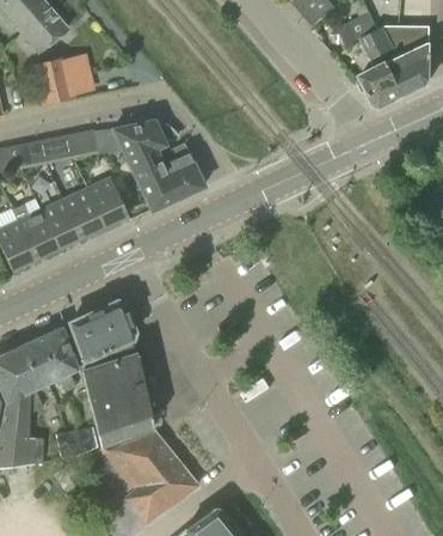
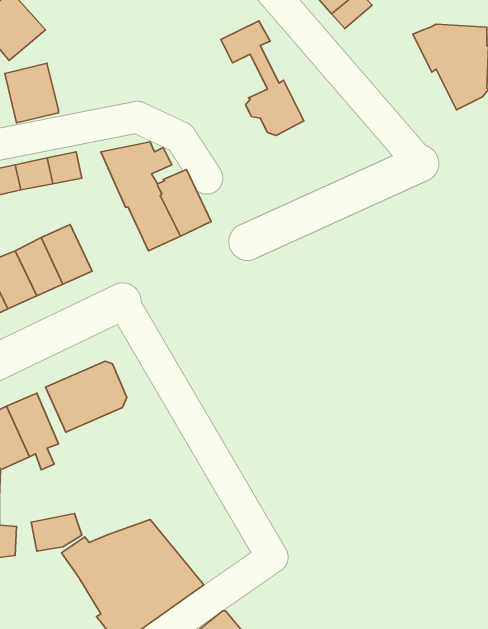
building: [338,12,406,106] -> [221,21,304,135]
building: [88,178,129,227] -> none
building: [81,353,153,451] -> none

